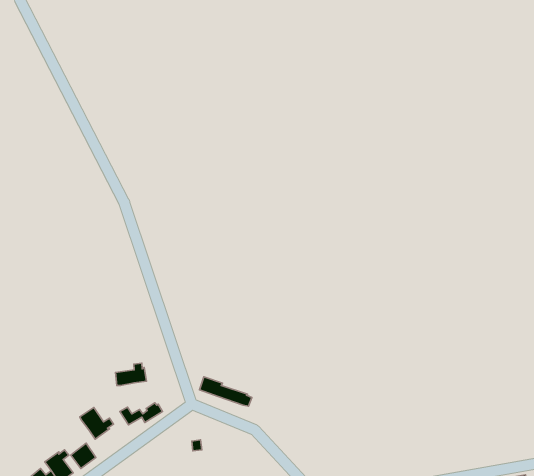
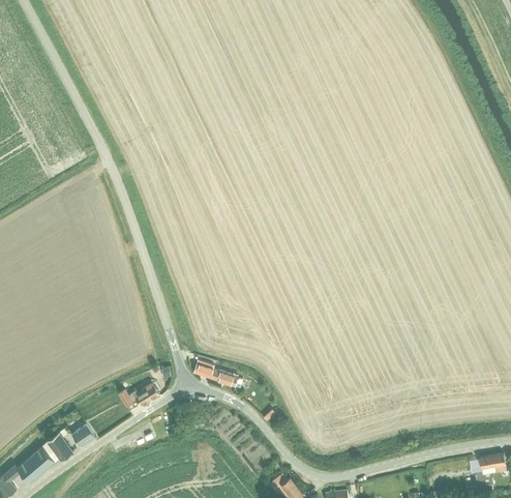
building: [115,363,147,386] -> none
building: [80,408,113,439] -> none

